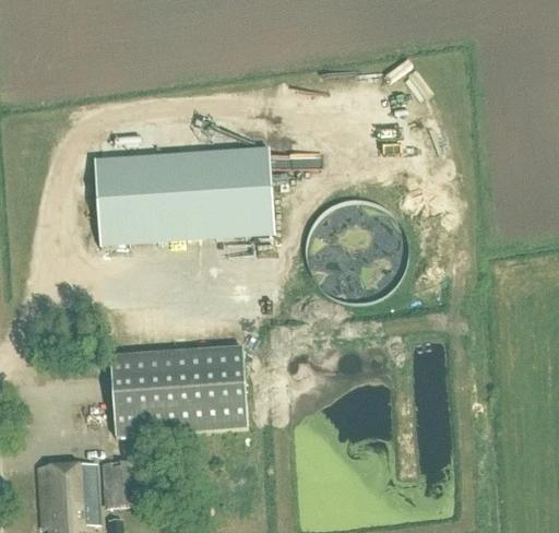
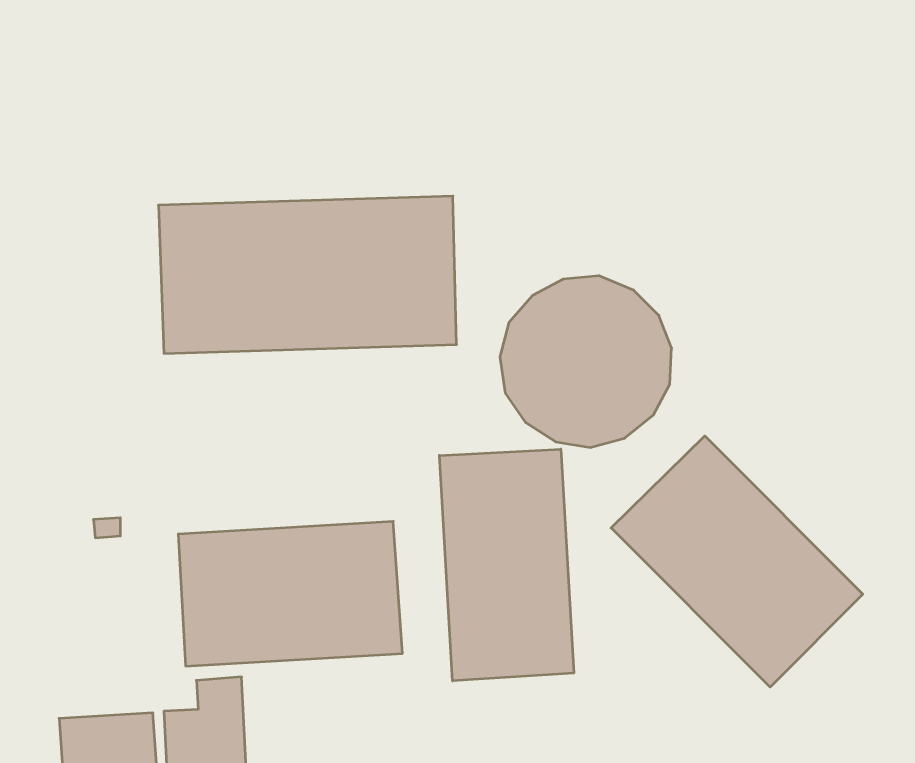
building: none -> [611,436,863,687]
building: none -> [439,449,574,681]

